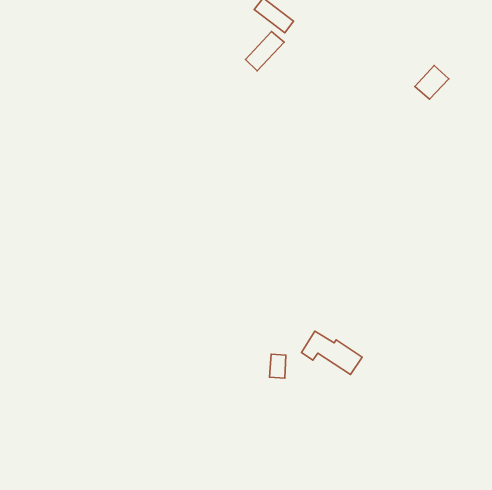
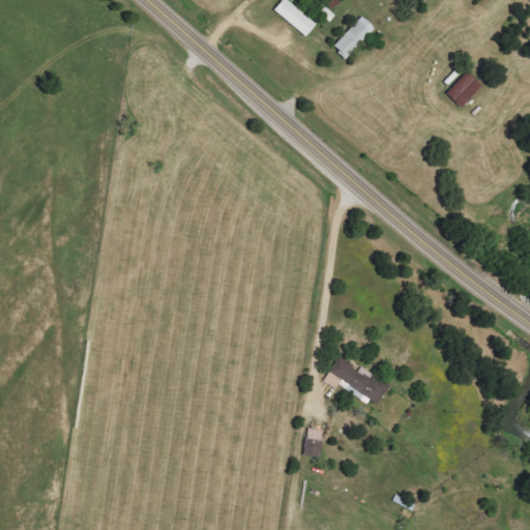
building: [246,31,284,71] -> [333,16,375,58]
building: [269,354,286,378] -> [304,428,322,453]

